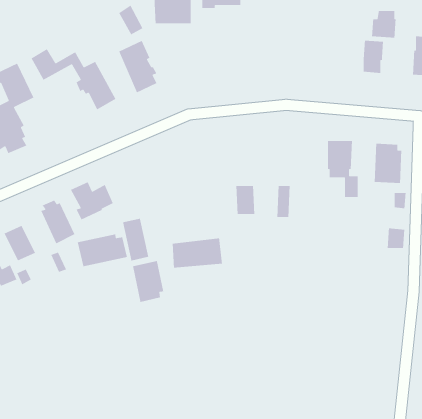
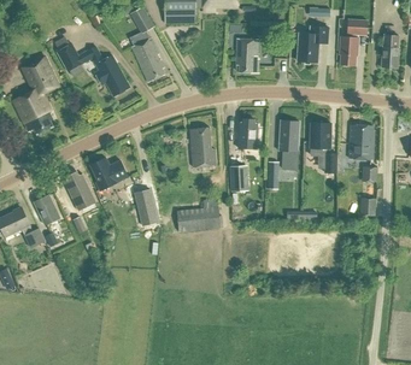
building: none -> [296,25,327,61]
building: none -> [234,39,257,72]
building: none -> [237,118,257,149]
building: none -> [277,119,298,169]
building: none -> [189,126,216,167]
building: [77,234,128,267] -> none
building: [132,260,164,303] -> none

